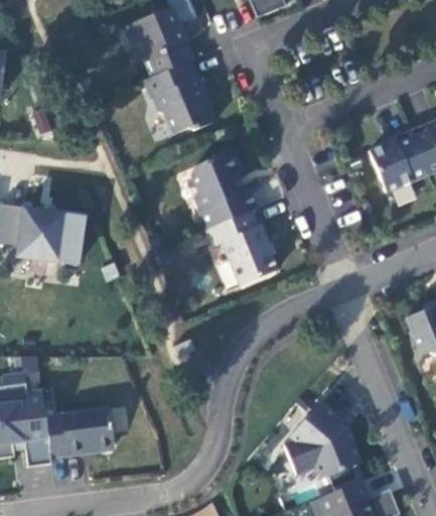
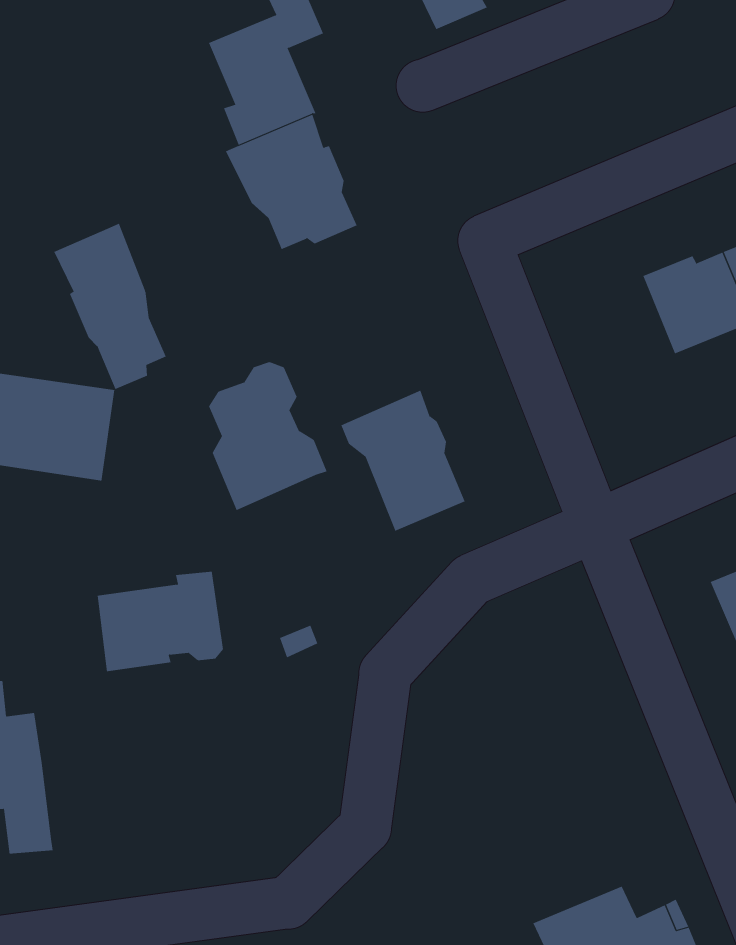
building: none -> [53,223,167,390]
building: [191,151,256,232] -> [208,362,327,511]
building: [283,400,359,478] -> none
building: [45,401,114,456] -> [97,571,224,672]

